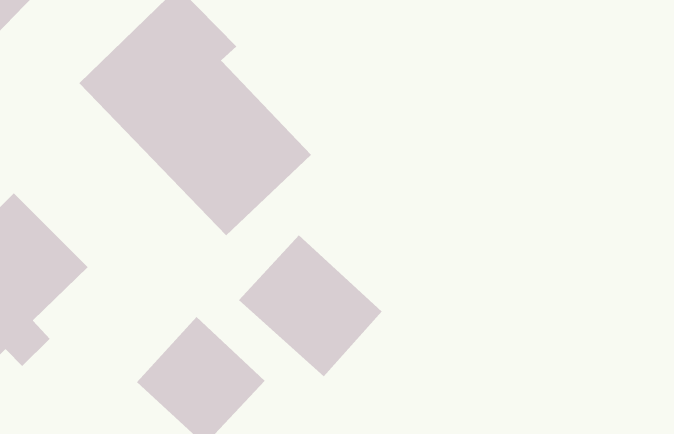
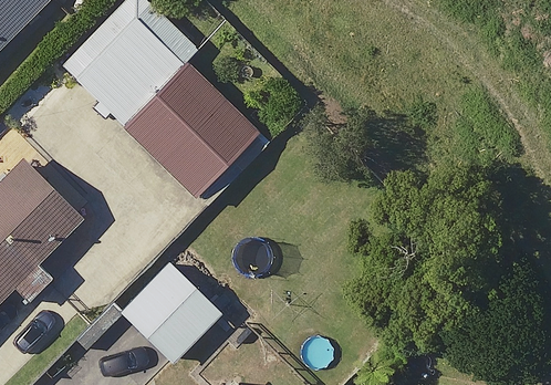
building: [238,235,383,377] -> none

